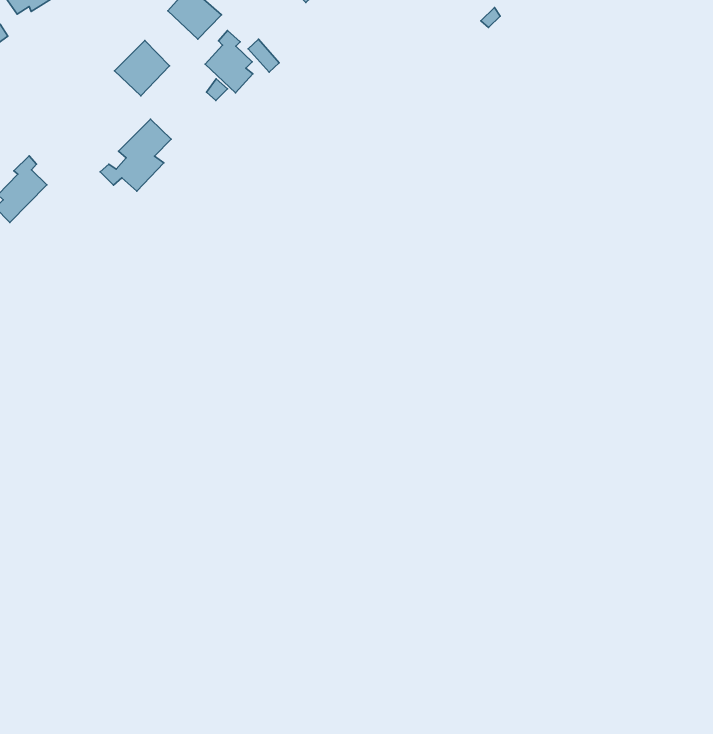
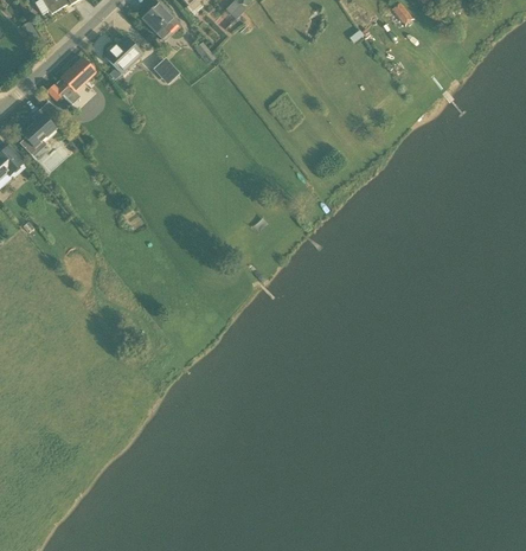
building: [205,30,253,93] -> none
building: [100,119,171,191] -> [47,56,96,103]

